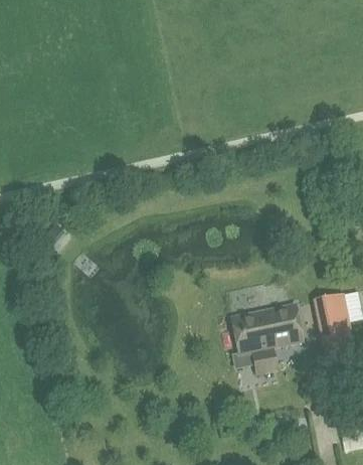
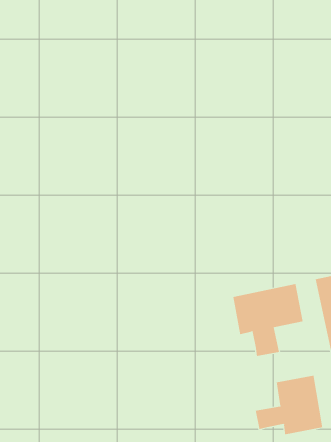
building: none -> [255,375,323,435]

